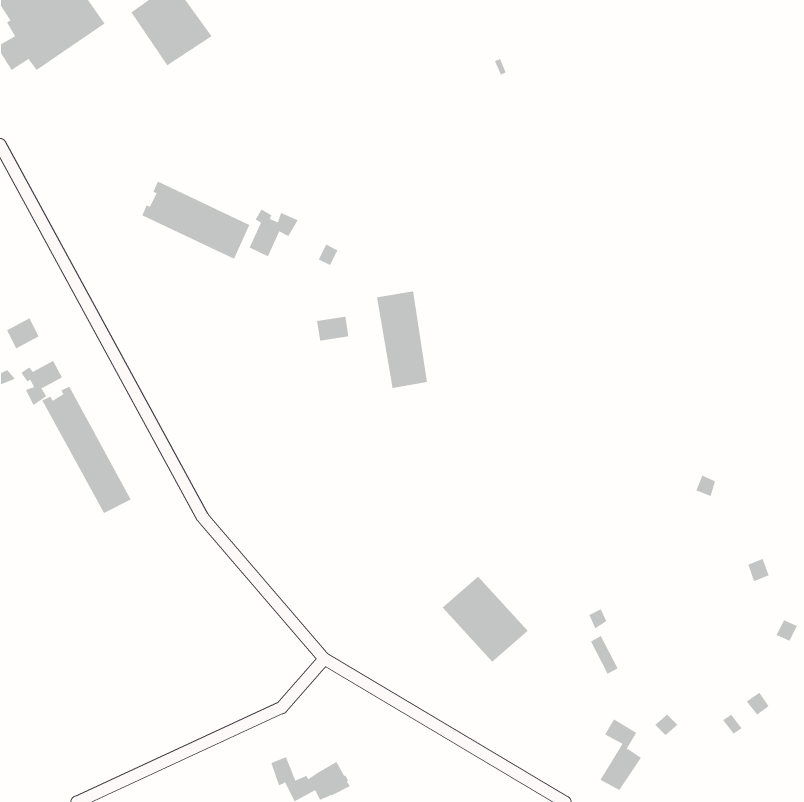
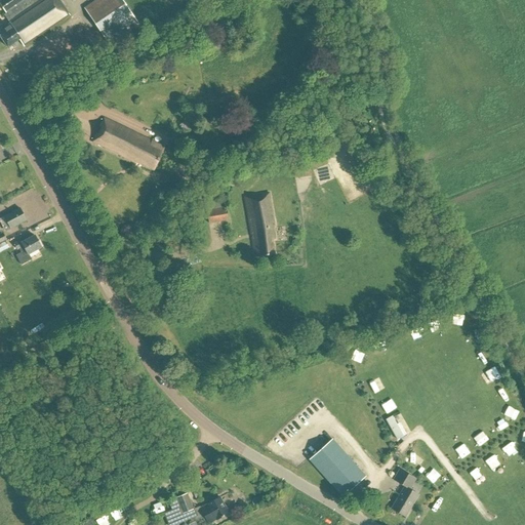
building: [249,208,298,257] -> none
building: [42,386,131,514] -> none
building: [442,576,529,662] -> [309,439,365,495]

